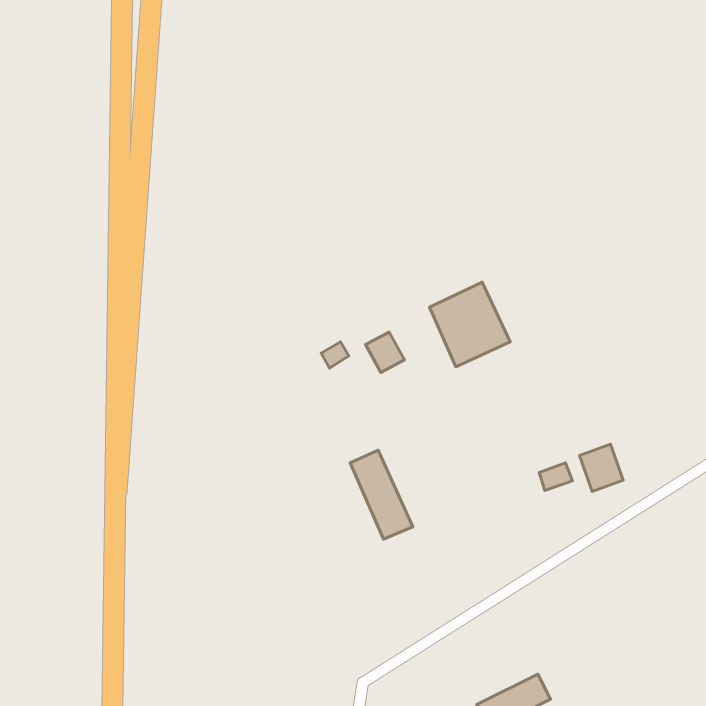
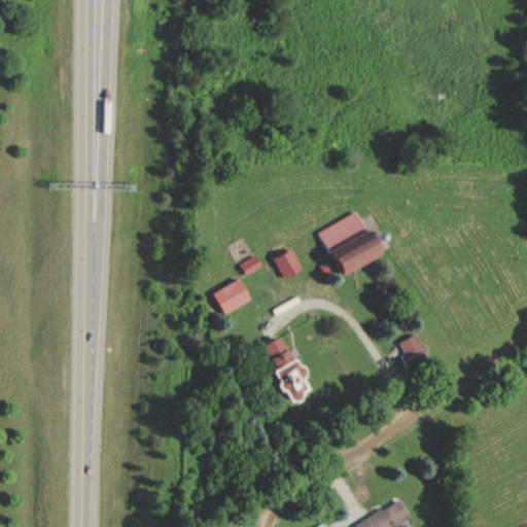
building: none -> [212,279,251,315]
building: [580,444,623,492] -> none

